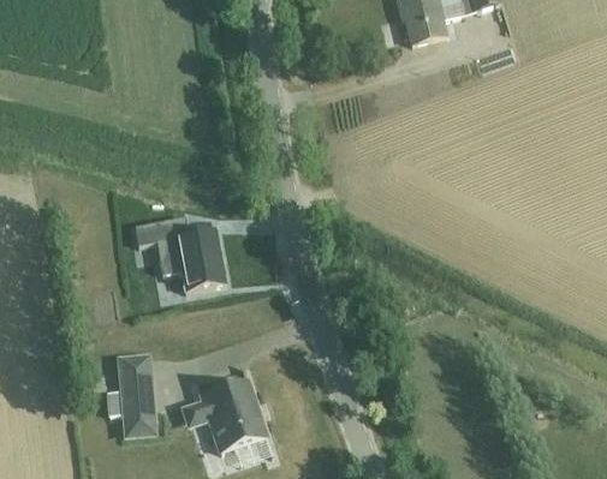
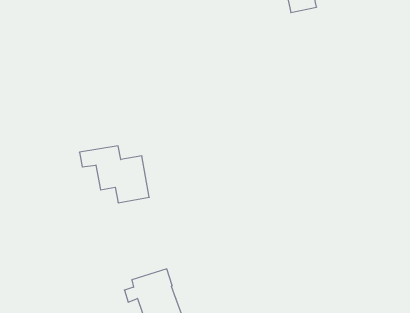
building: [107,355,153,421] -> none

